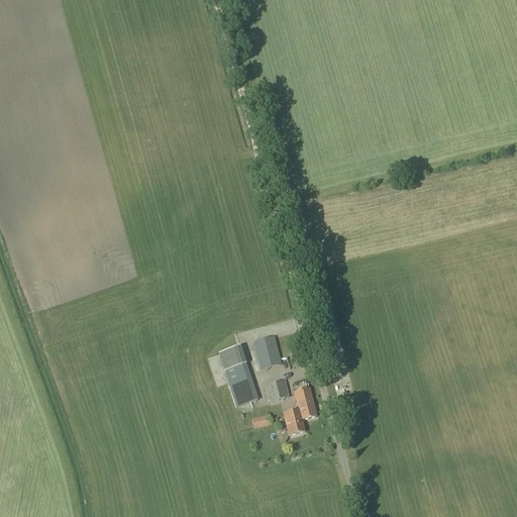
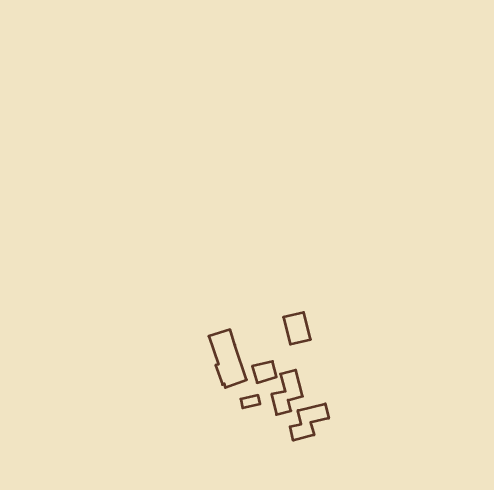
building: [252,334,281,368] -> [283,312,311,344]
building: none -> [290,404,329,440]

